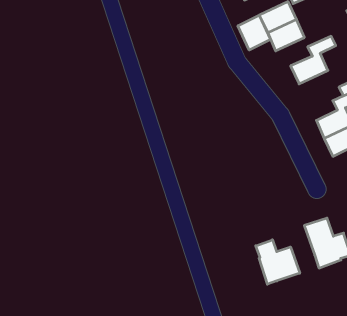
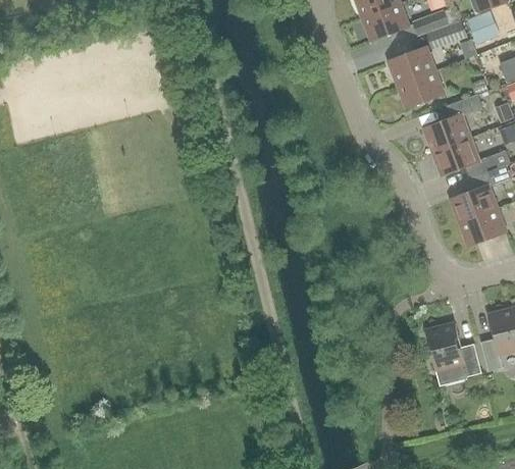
building: [238,15,271,50] -> none
building: none -> [432,137,479,174]
building: [256,240,300,284] -> none

